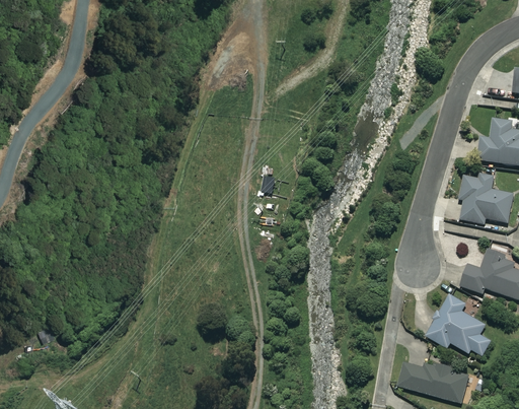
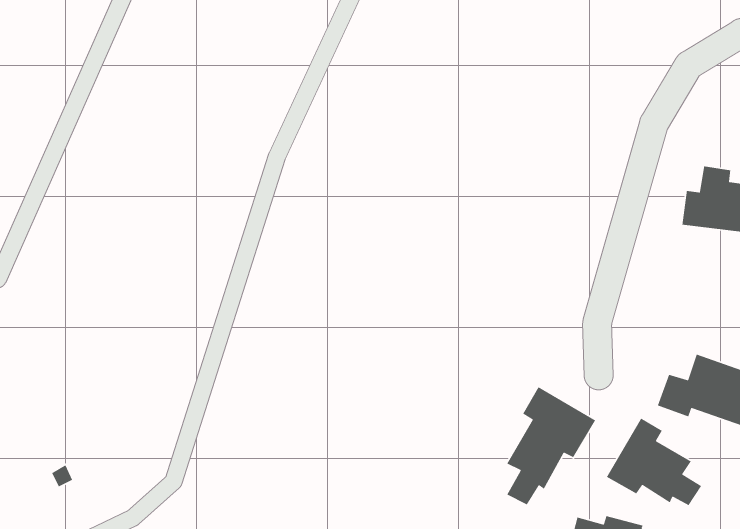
building: [458,173,512,222] -> none
building: none -> [506,386,596,506]

